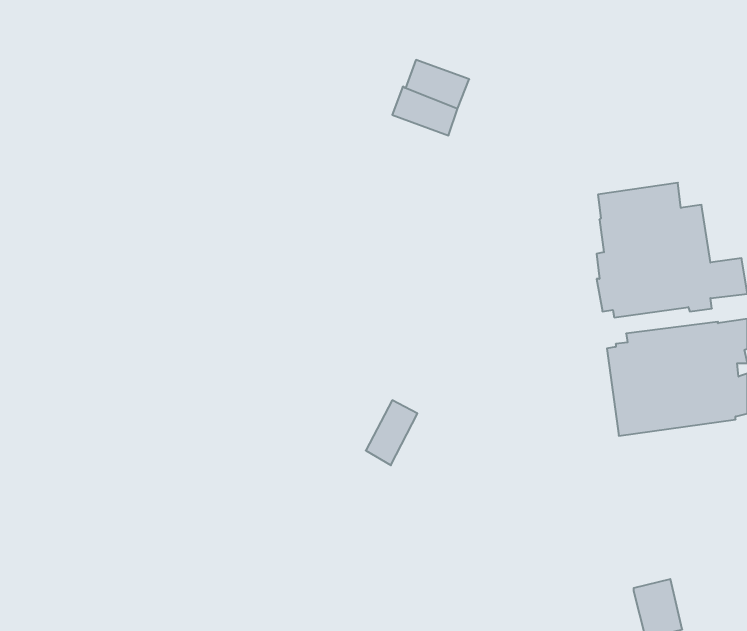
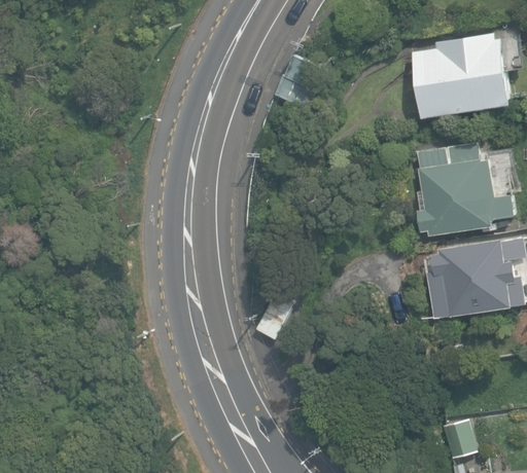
building: none -> [409,33,511,118]

